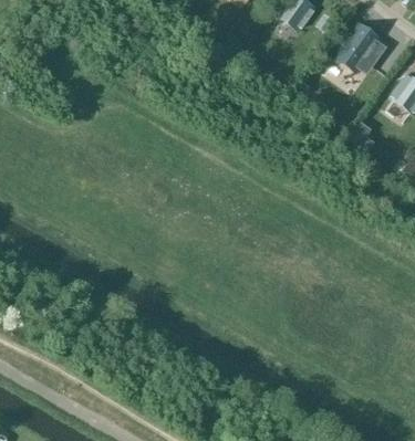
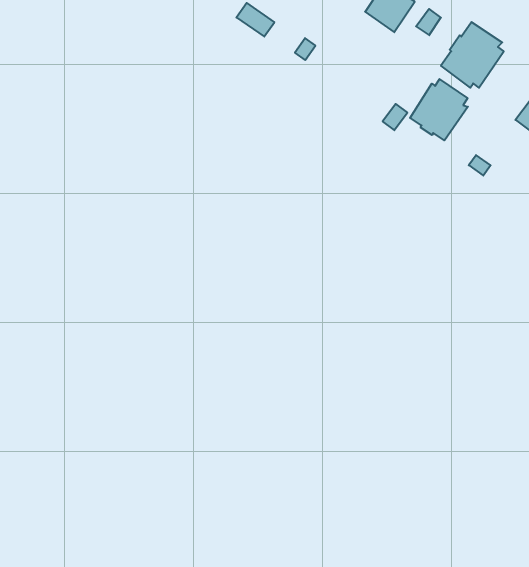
building: none -> [410,79,468,140]

